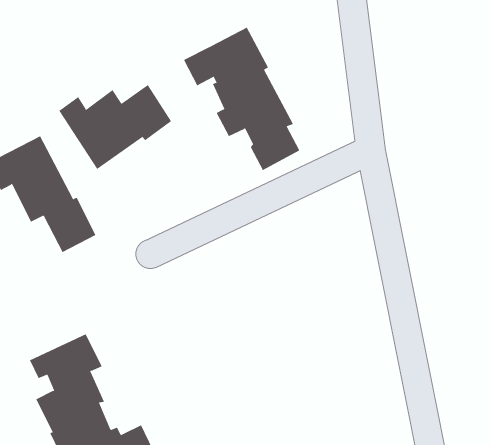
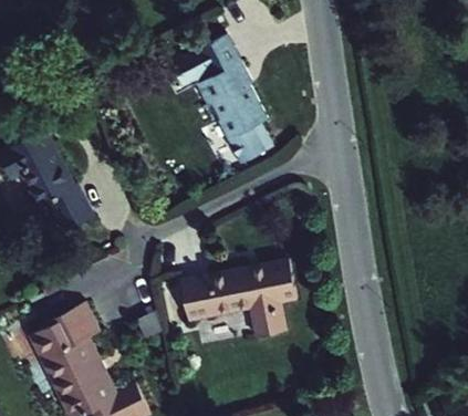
building: [59,84,172,170] -> none
building: none -> [181,261,298,337]

